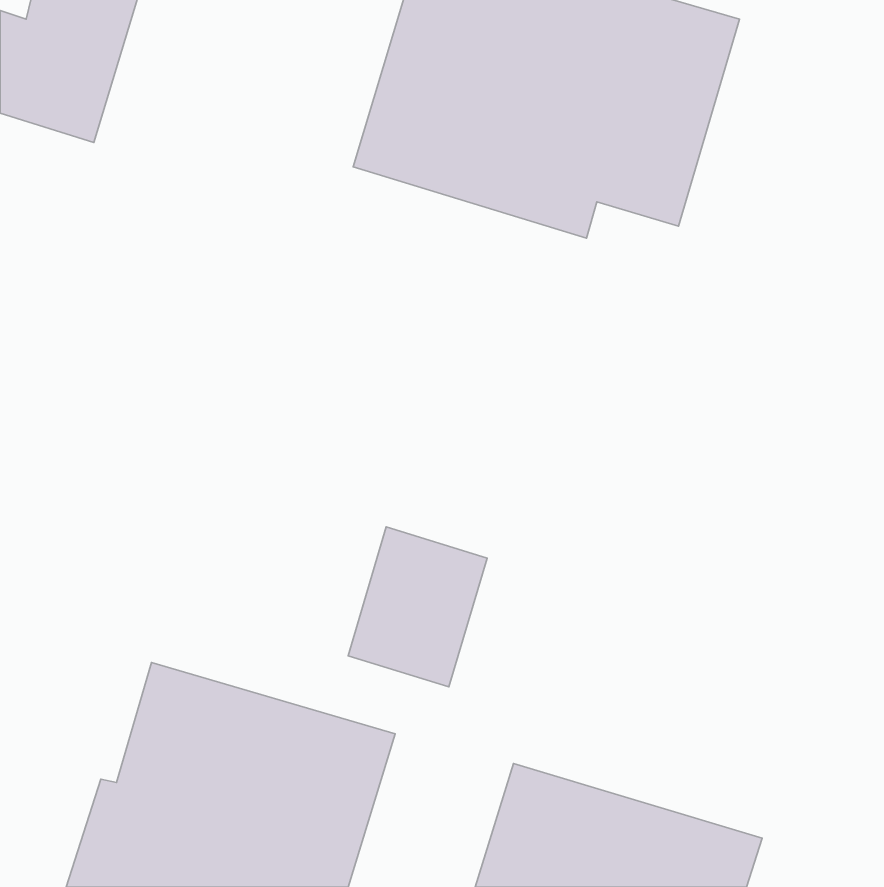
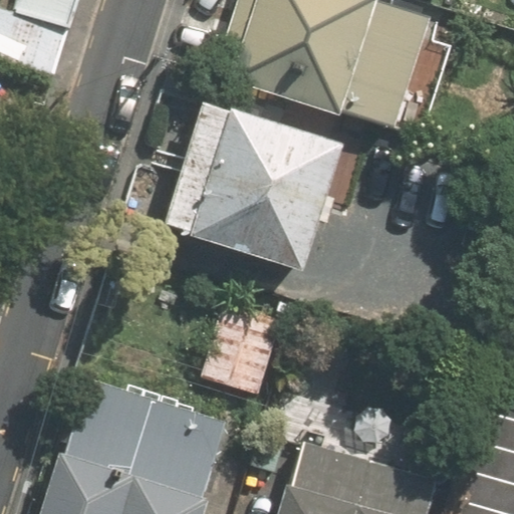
building: none -> [163,103,343,270]

